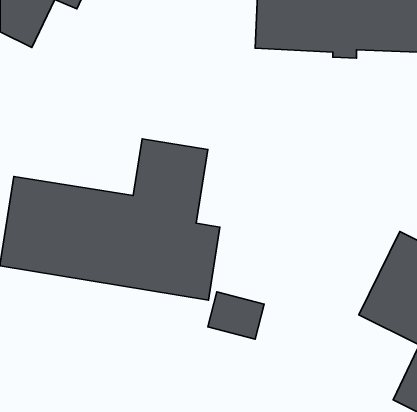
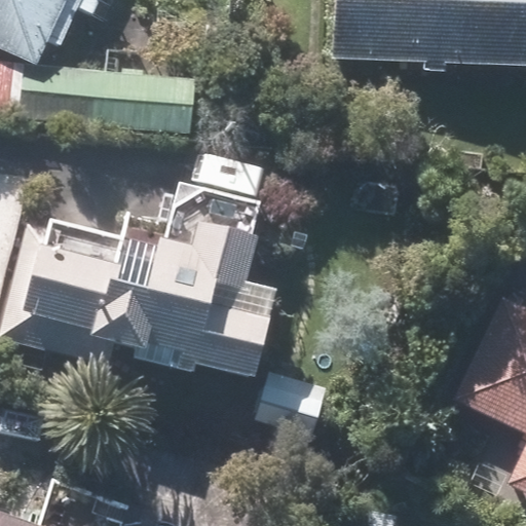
building: none -> [23,65,197,125]

